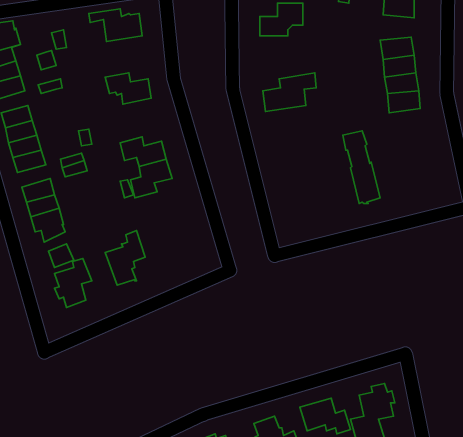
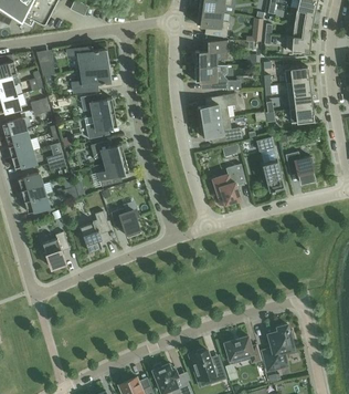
building: none -> [194,64,228,89]
building: none -> [72,65,109,92]
building: none -> [86,112,117,138]
building: none -> [199,117,242,143]
building: none -> [285,151,316,183]
building: none -> [213,163,246,203]
building: none -> [110,208,141,236]

